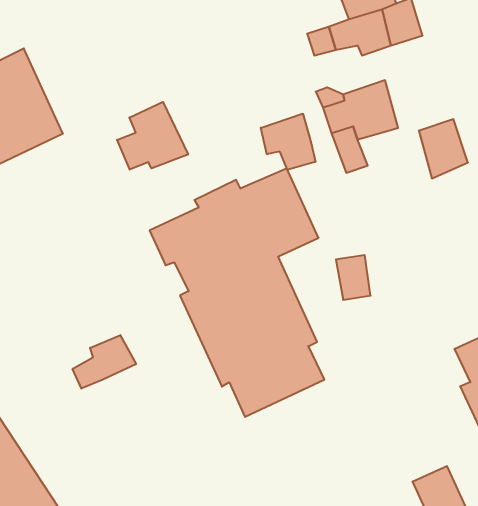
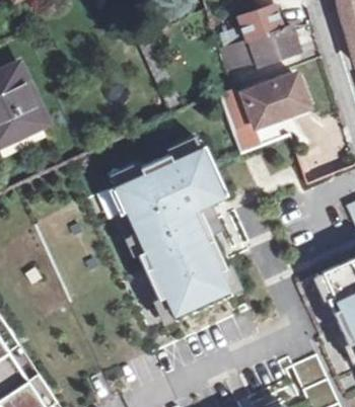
building: [117,102,188,170] -> none
building: [261,114,315,170] -> none
building: [419,119,468,178] -> [273,76,307,117]
building: [73,335,136,389] -> none

